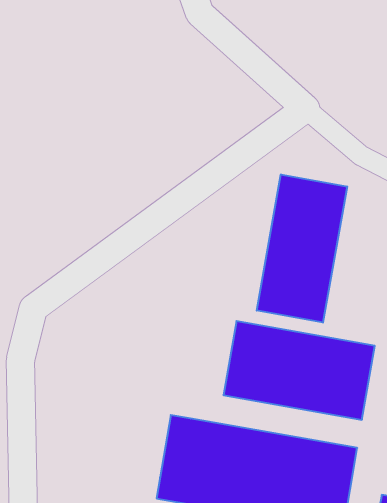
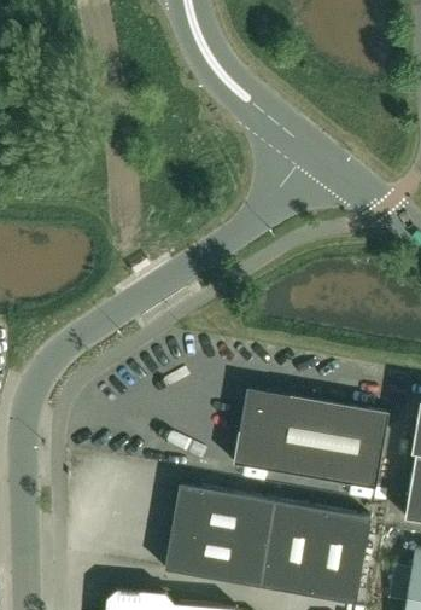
building: [257,174,347,323] -> none

